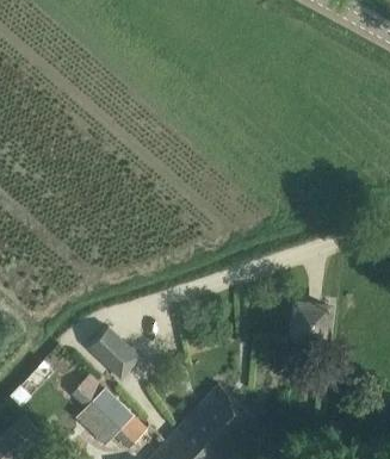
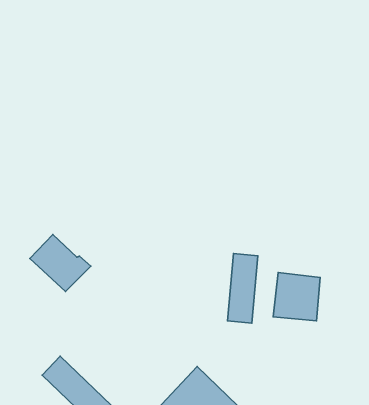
building: none -> [228,254,258,323]
building: [86,327,143,380] -> [30,234,91,292]

